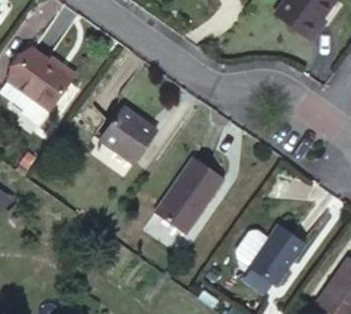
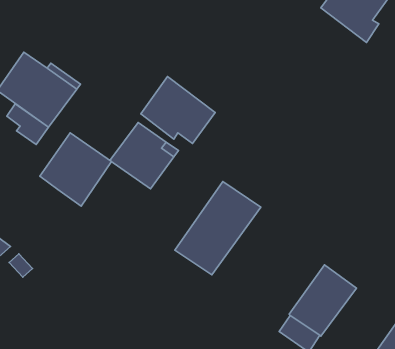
building: none -> [141,76,215,144]
building: none -> [40,133,112,206]

